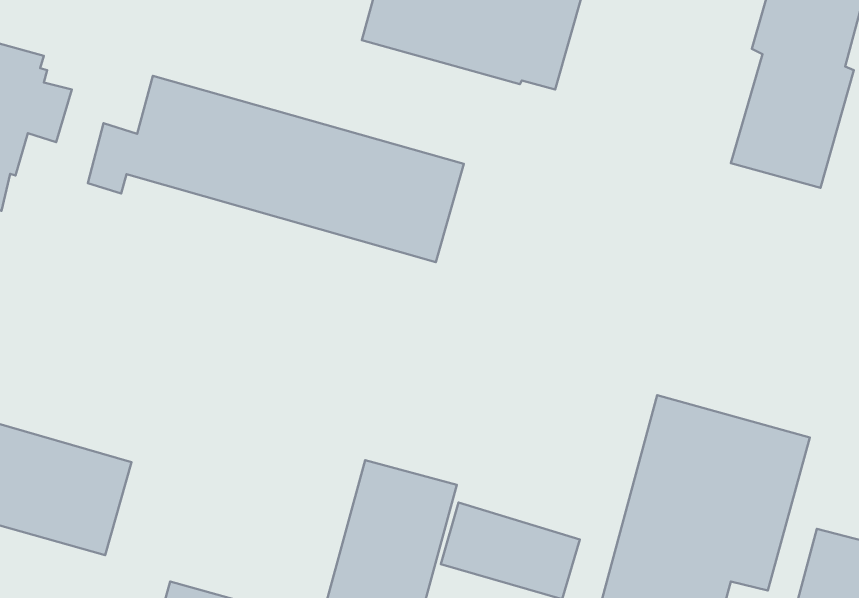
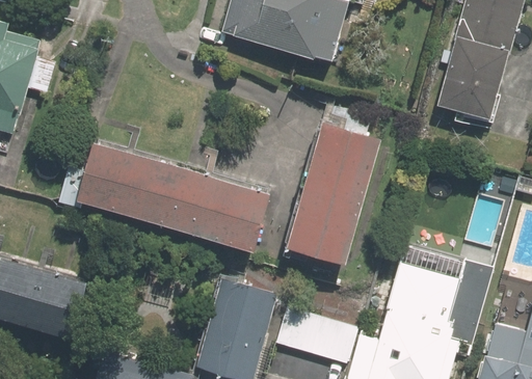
building: [88,76,464,262] -> [57,139,280,249]
building: none -> [285,104,380,266]

